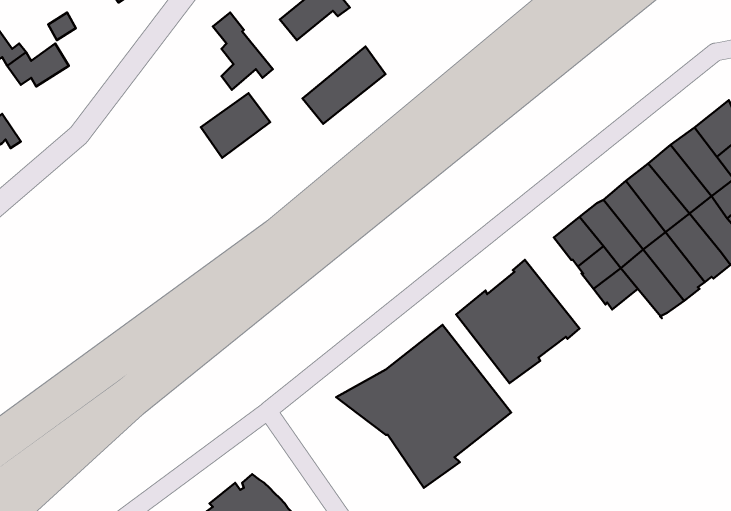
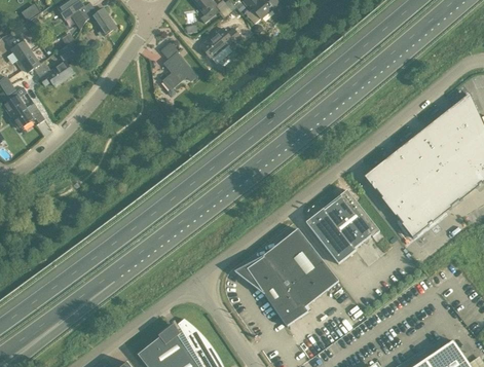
building: [302,47,386,124] -> none
building: [201,93,270,158] -> none
building: none -> [399,207,429,237]

